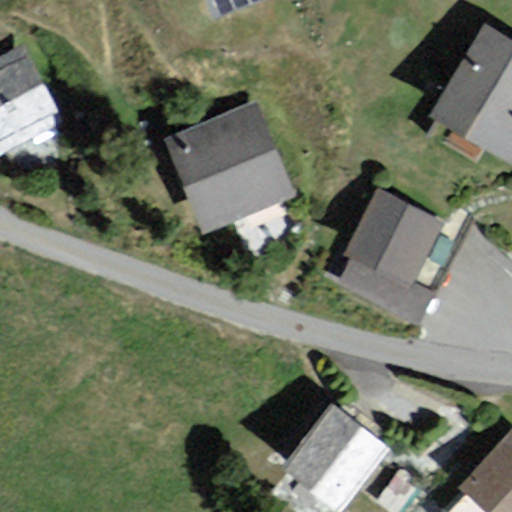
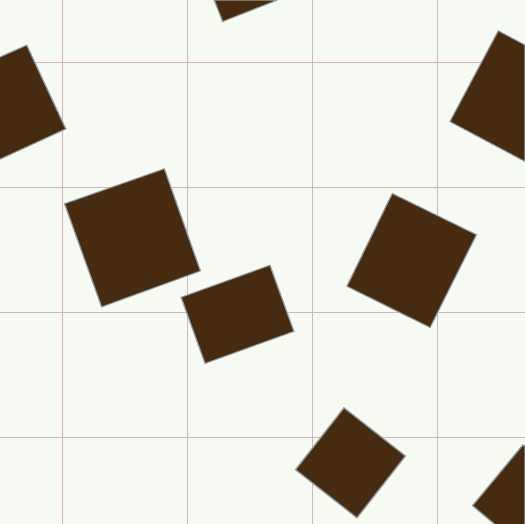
building: [161,101,293,235] -> [65,169,200,307]
building: none -> [181,265,294,364]

